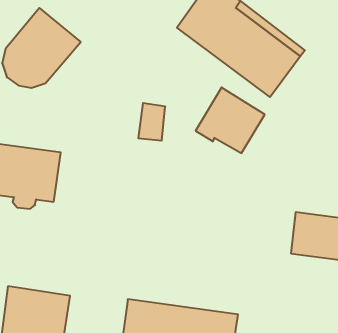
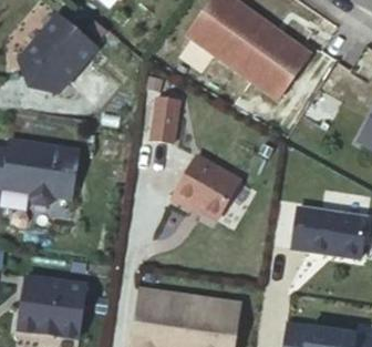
building: [196,87,265,153] -> [176,151,241,213]

